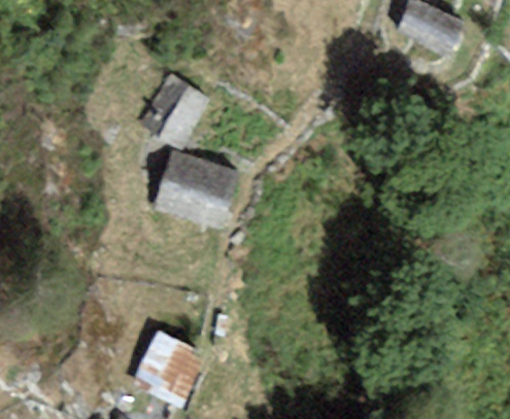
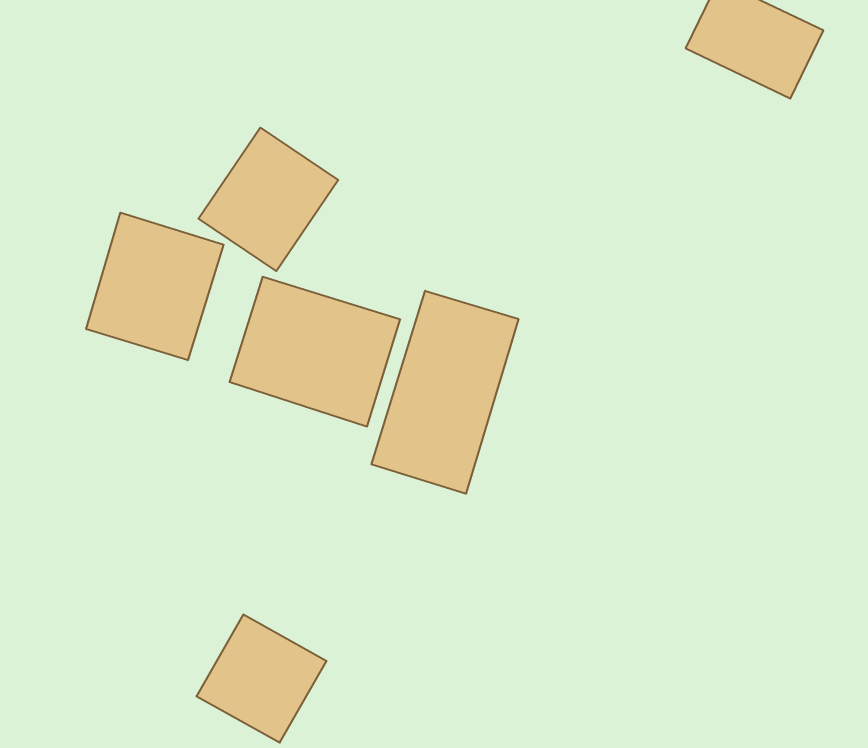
building: none -> [86,213,224,360]
building: none -> [371,291,518,494]

